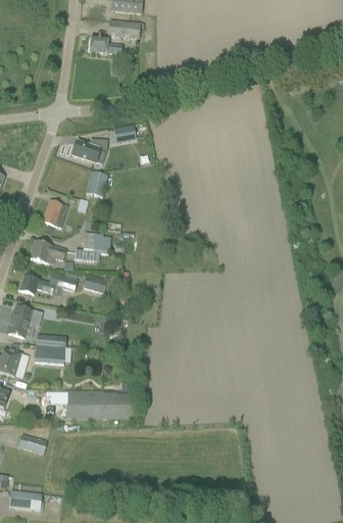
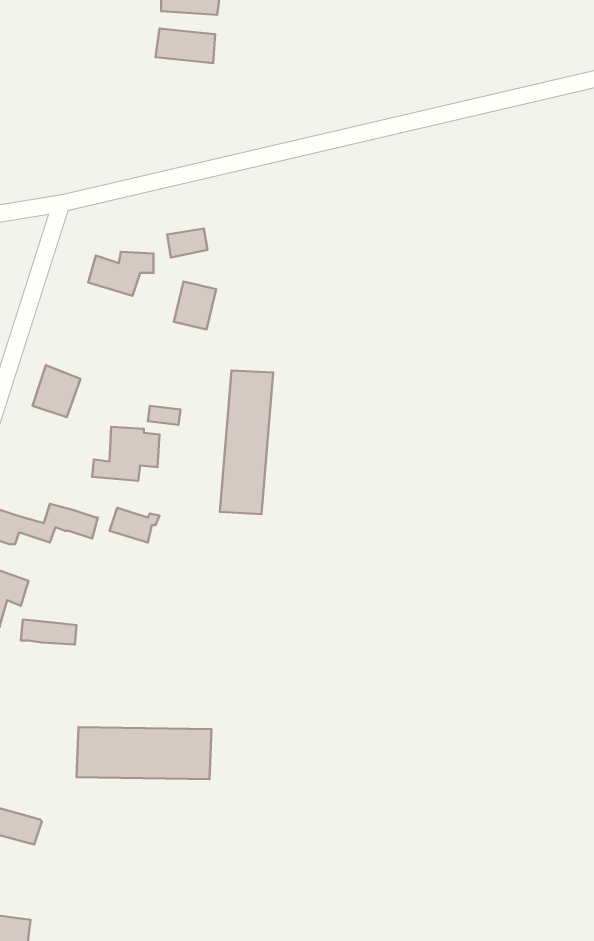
building: [90,36,122,53] -> none
building: [86,170,108,195] -> [174,281,216,330]
building: none -> [220,370,273,514]
building: [31,240,65,264] -> none
building: [35,344,65,363] -> none

